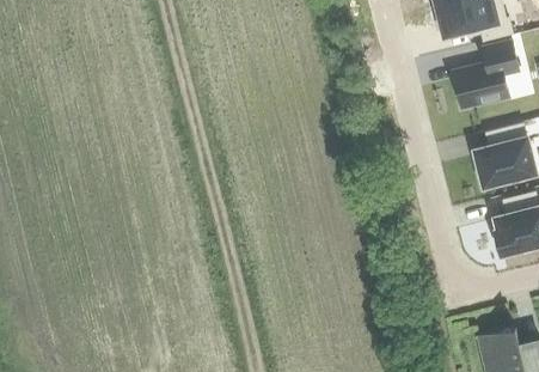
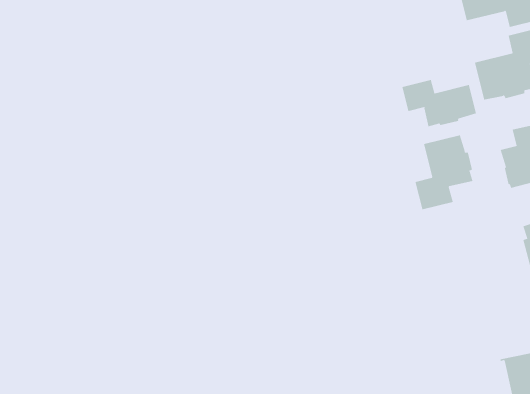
building: none -> [402,79,477,127]
building: none -> [415,134,473,210]

